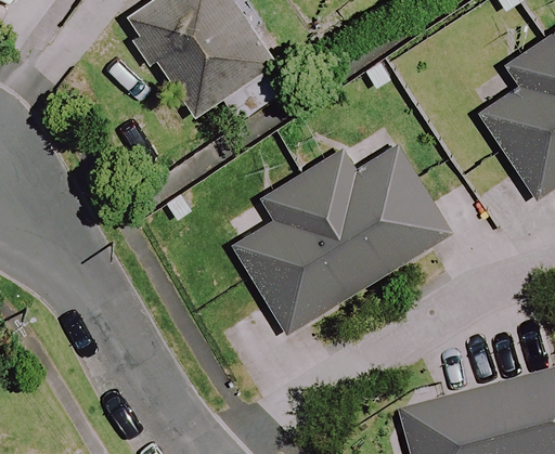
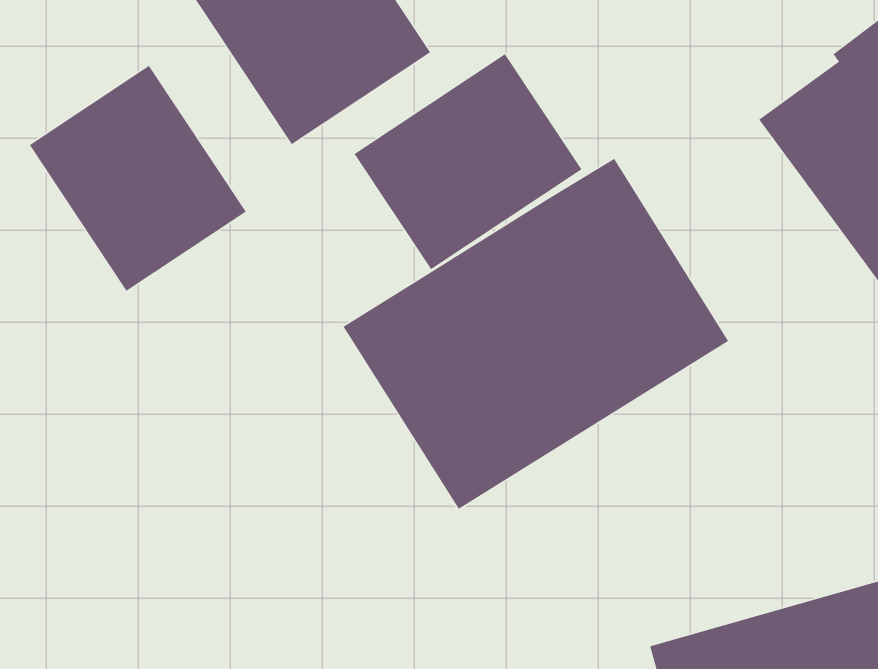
building: none -> [353,53,583,270]
building: none -> [29,65,247,292]

